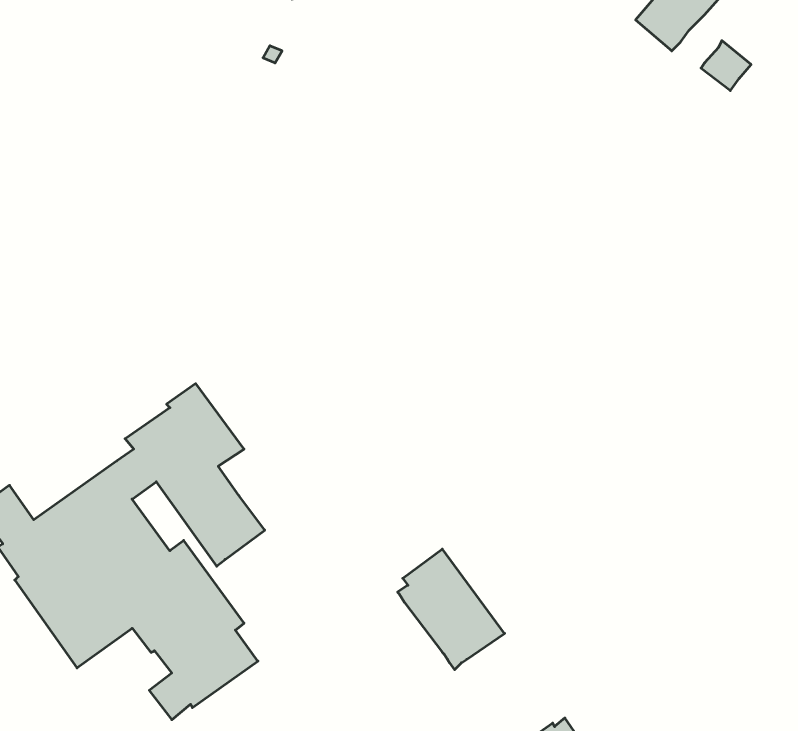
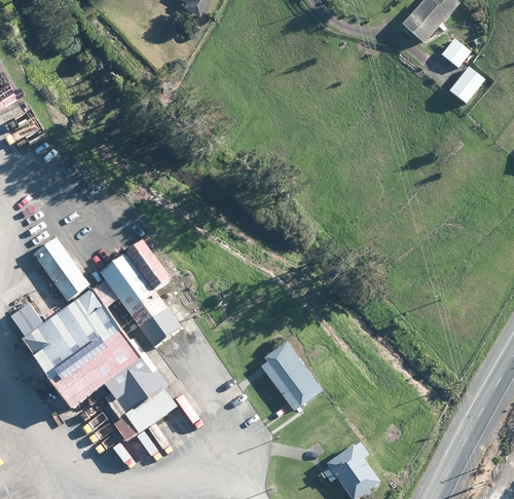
building: none -> [448,65,485,103]
building: none -> [33,236,89,299]

